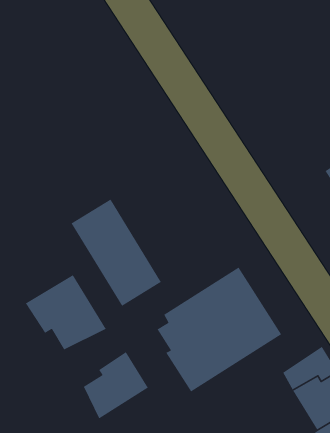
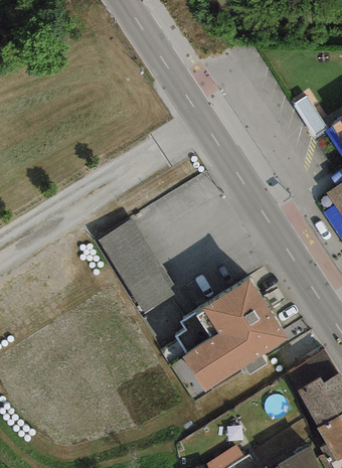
building: [25,274,107,350] -> none
building: [83,351,149,420] -> none

